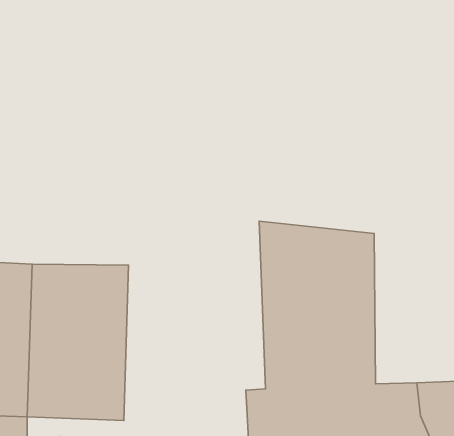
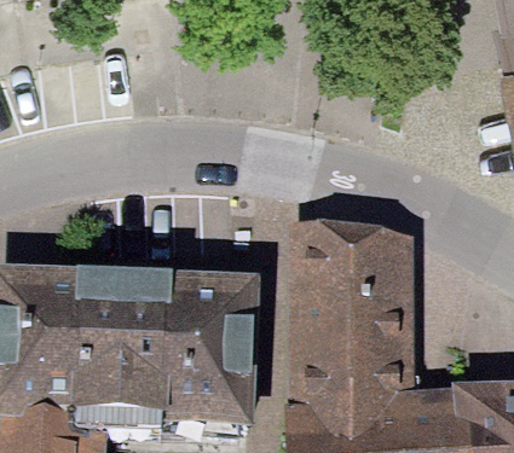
building: none -> [161,266,255,423]

